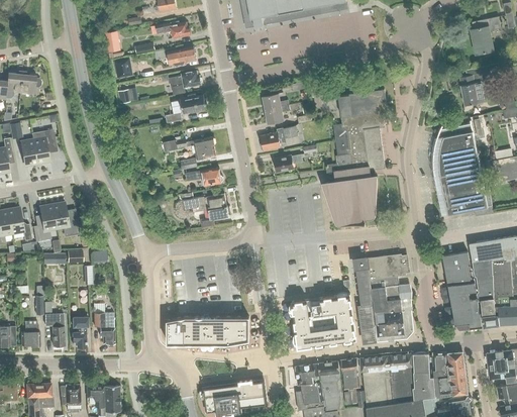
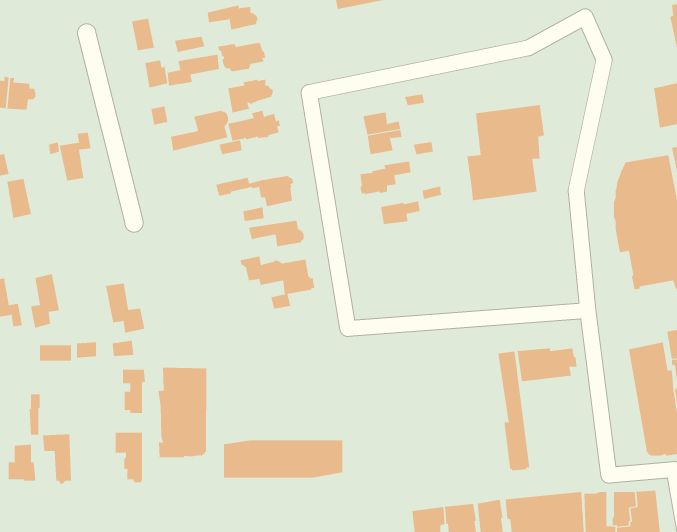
building: none -> [167,54,219,87]
building: none -> [170,110,229,152]
building: [32,130,55,164] -> [59,132,92,181]
building: [322,148,384,224] -> none
building: [51,202,79,236] -> [105,283,145,333]
building: none -> [158,367,207,458]
building: [371,275,409,336] -> none
building: [292,294,356,347] -> none
building: [72,317,88,347] -> [122,369,146,414]

